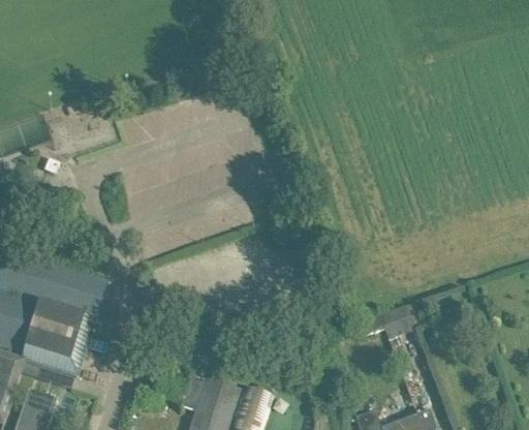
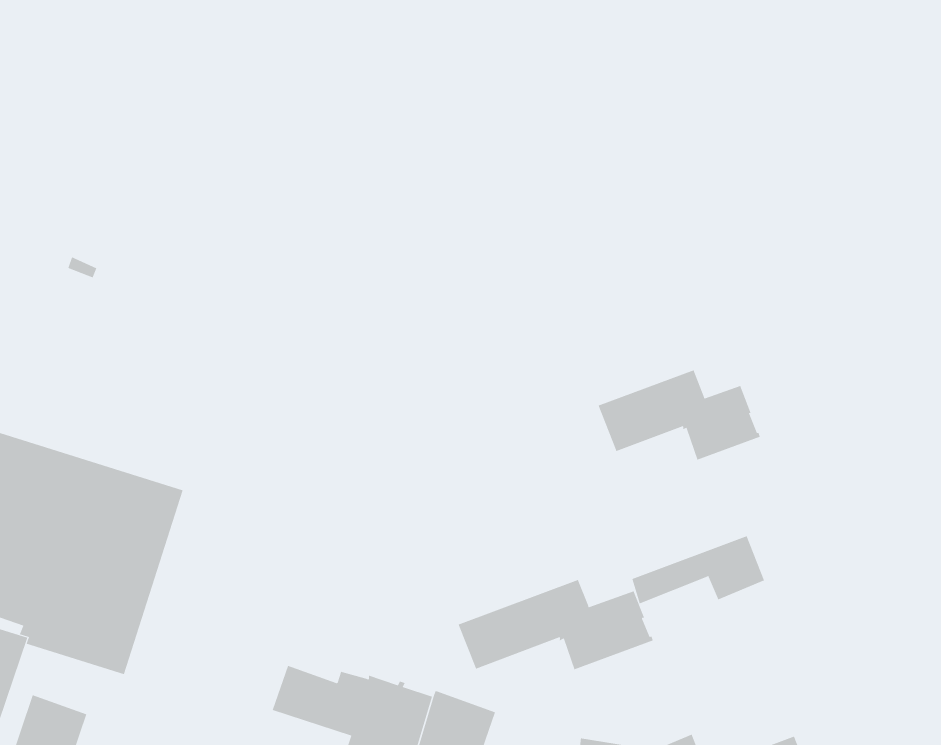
building: none -> [598,369,761,460]
building: none -> [458,579,654,670]

